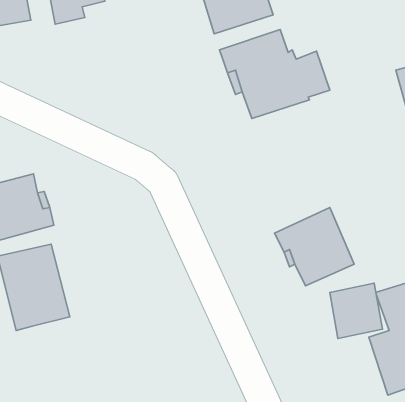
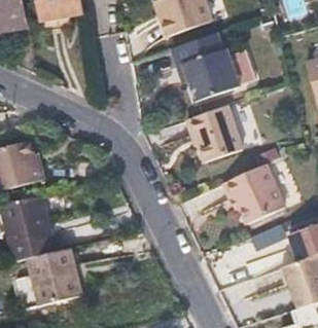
building: none -> [186,104,242,160]
building: none -> [28,247,83,303]

